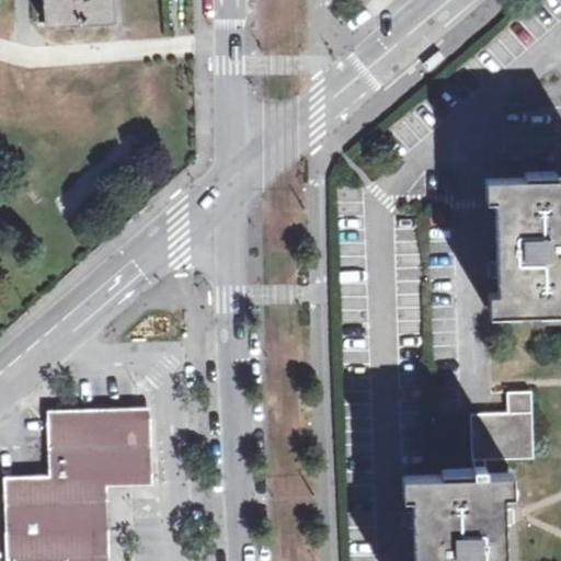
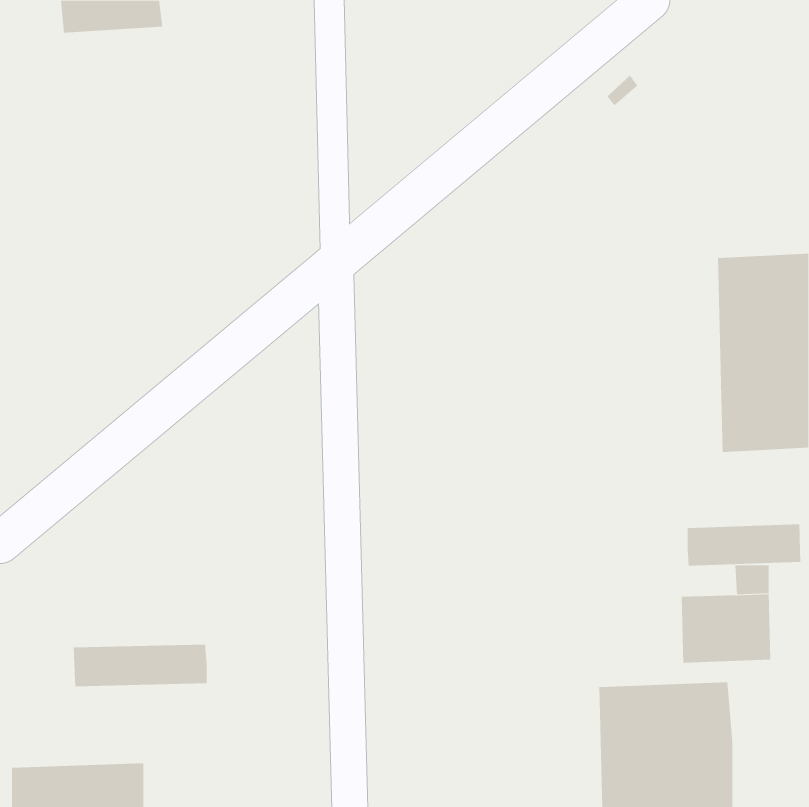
building: none -> [687,524,801,567]
building: [50,417,142,449] -> none
building: [7,476,100,533] -> none

